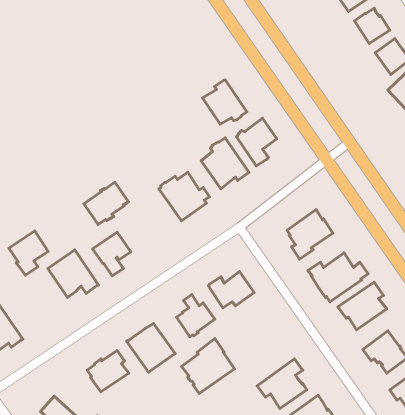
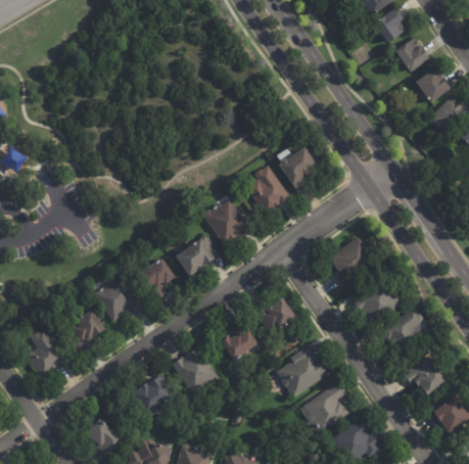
building: [202,80,247,124] -> none
building: [84,182,128,225] -> [175,234,219,276]
building: [9,231,48,275] -> [65,309,104,353]
building: [182,339,234,394] -> [276,344,328,399]

